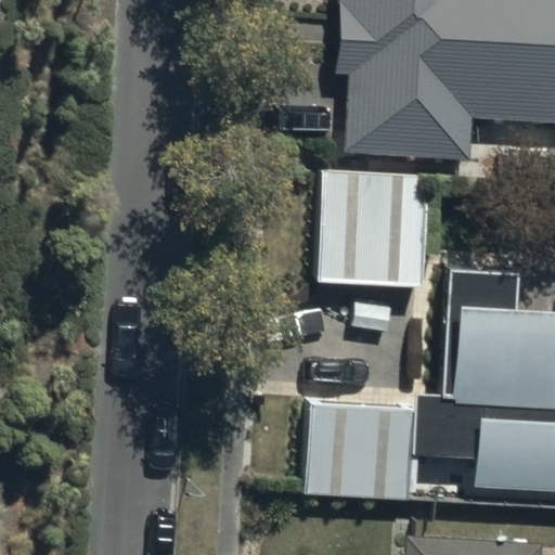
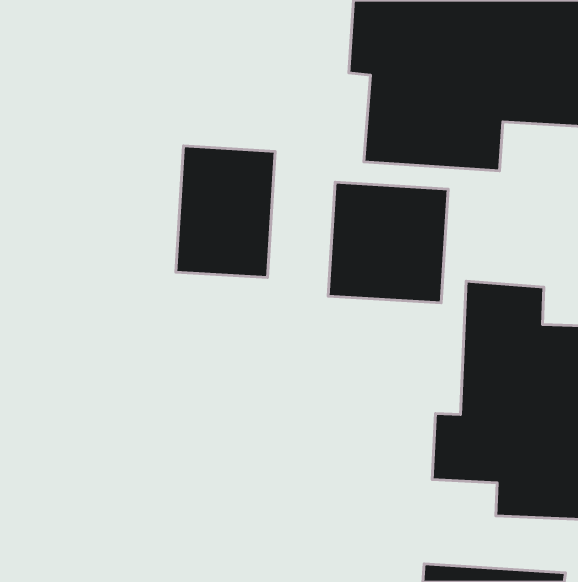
building: none -> [176,146,275,278]
building: [304,404,414,501] -> none

